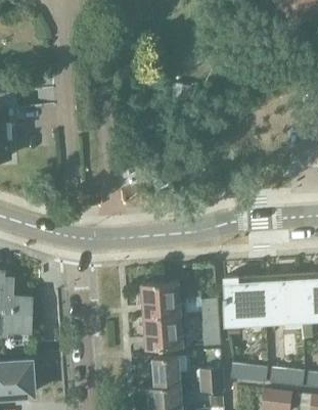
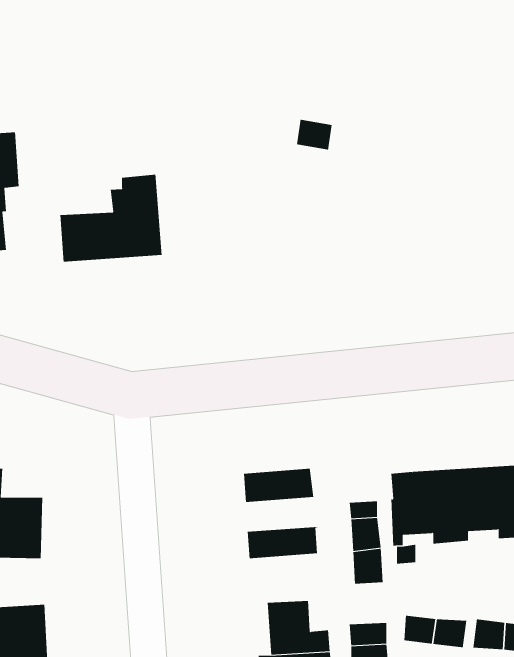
building: none -> [60,174,162,263]
building: [142,298,186,317] -> none
building: [144,329,189,349] -> none

